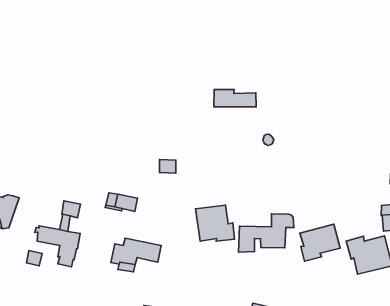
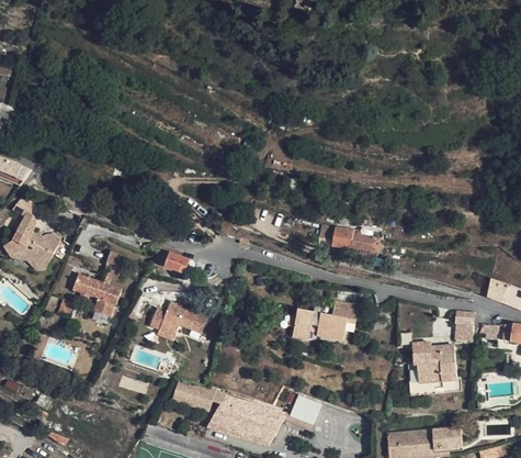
building: [214,89,256,107] -> [332,227,381,254]
building: [195,205,235,241] -> none
building: [300,224,340,261] -> none

